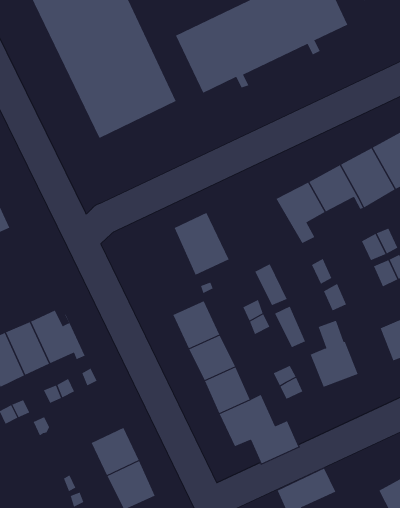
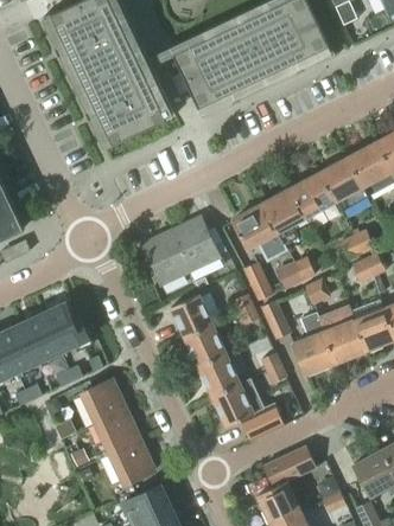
building: none -> [233,204,287,258]
building: none -> [140,230,190,286]
building: none -> [318,309,368,361]
building: none -> [82,378,126,423]

